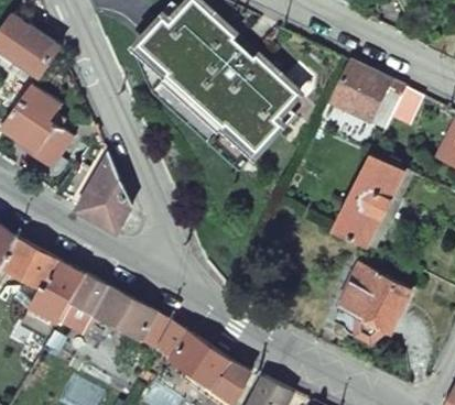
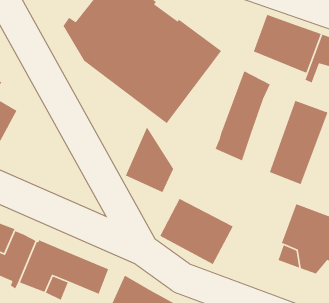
building: none -> [215,70,271,161]
building: [78,156,131,229] -> [125,126,174,193]
building: none -> [159,198,234,265]

